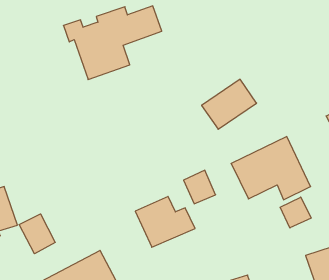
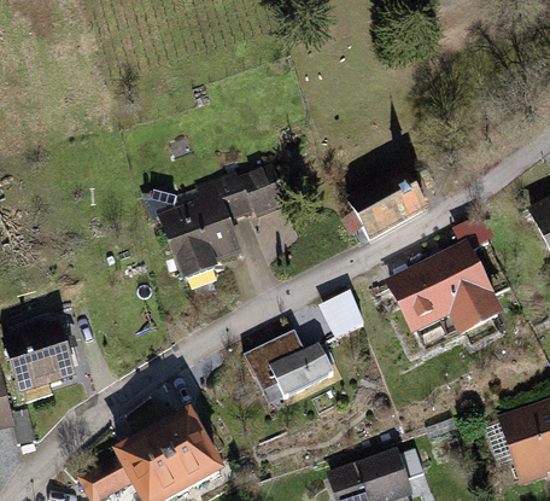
building: [63,6,162,80] -> [142,164,287,273]
building: [280,197,311,228] -> none
building: [19,214,55,254] -> none

